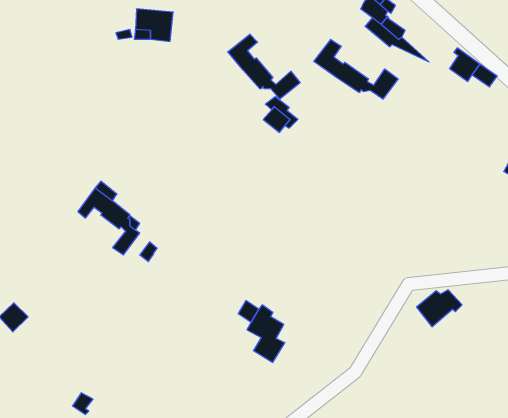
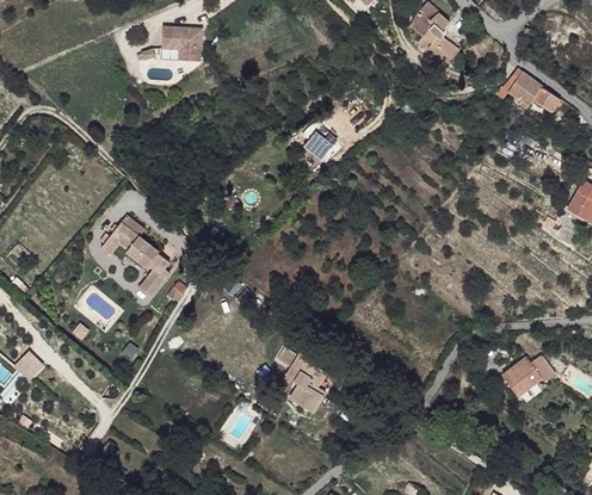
building: [228,34,300,99] -> none
building: [314,39,398,99] -> none
building: [417,290,462,327] -> [510,354,560,395]

